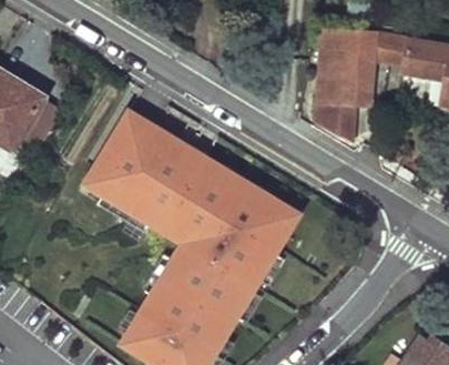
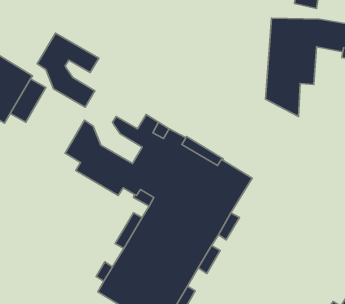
building: [106,111,177,196] -> [37,33,99,107]

